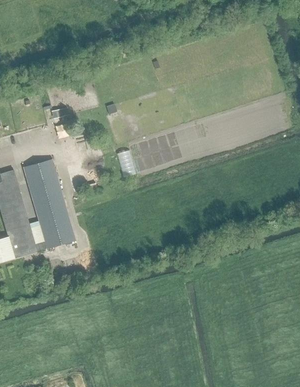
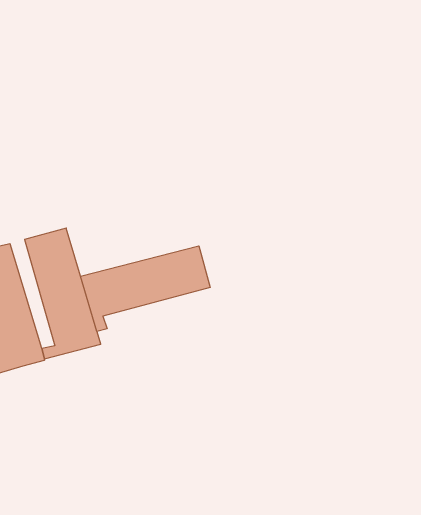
building: none -> [81,246,210,331]

